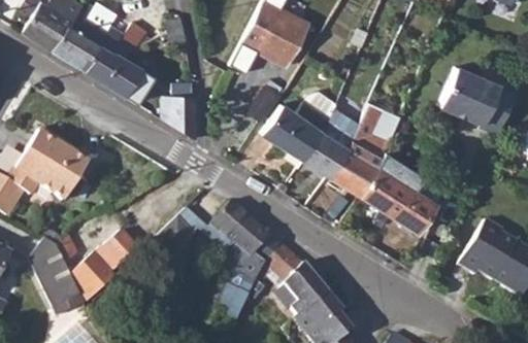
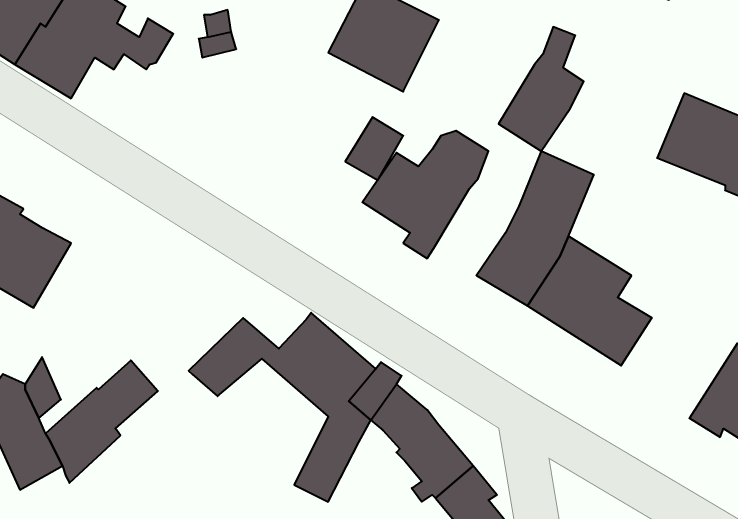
building: [85,44,153,104] -> none
building: [167,97,193,138] -> none
building: [304,103,356,178] -> [499,27,584,151]

